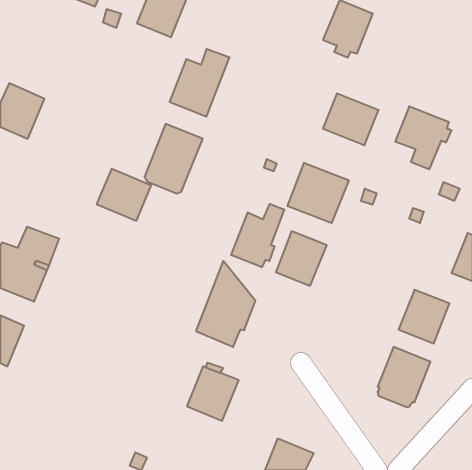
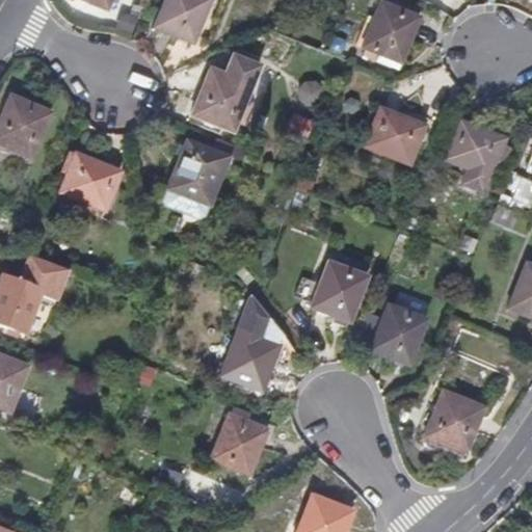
building: [288,163,349,223] -> none
building: [97,169,151,221] -> [60,152,122,210]
building: [231,204,284,267] -> none
building: [399,290,450,343] -> [370,302,427,363]

